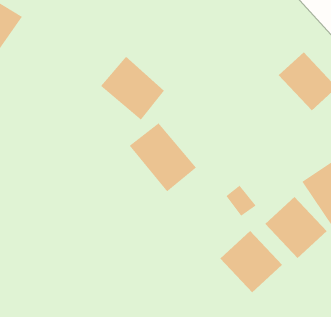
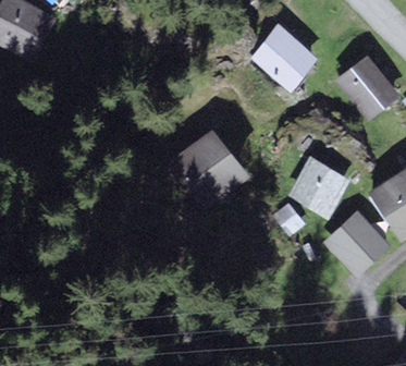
building: [100,56,165,121] -> [248,26,317,95]
building: none -> [288,152,353,216]
building: [220,230,283,293] -> none

